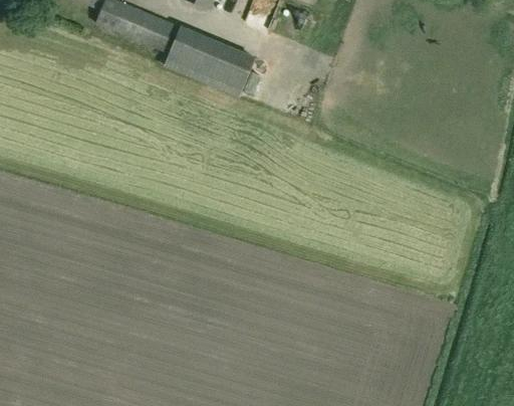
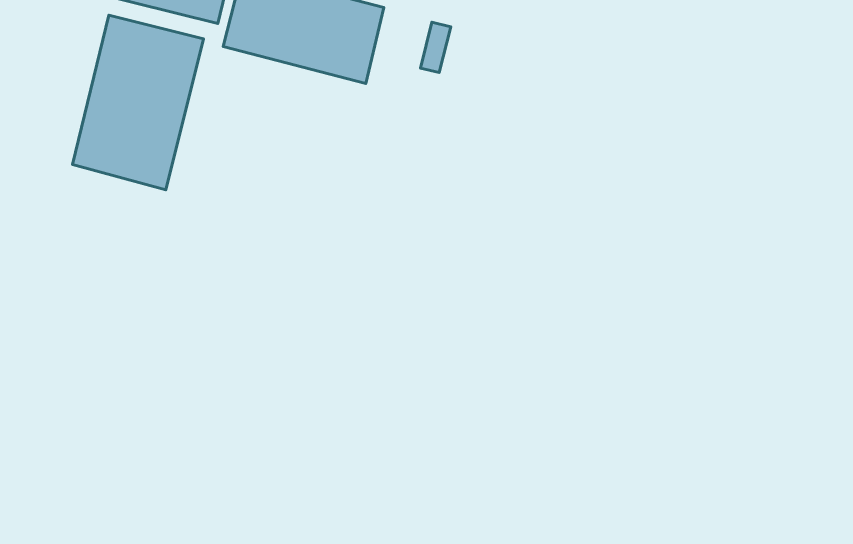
building: none -> [72,15,203,190]

